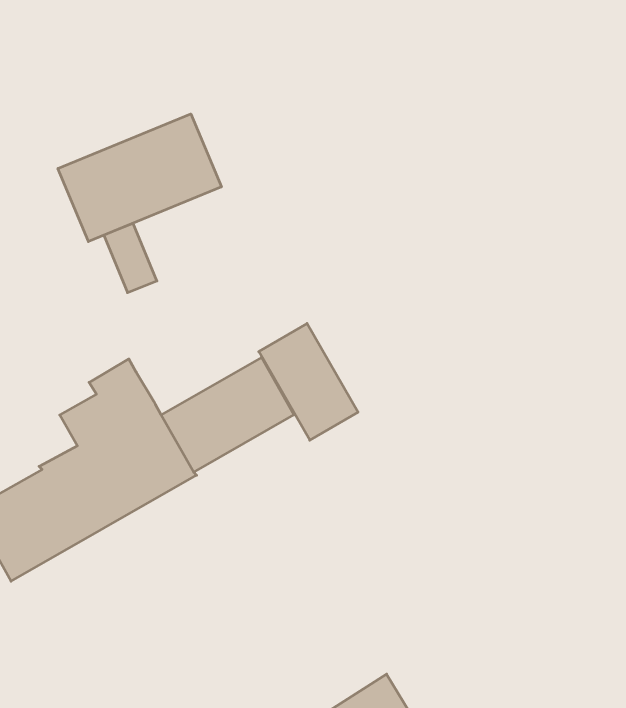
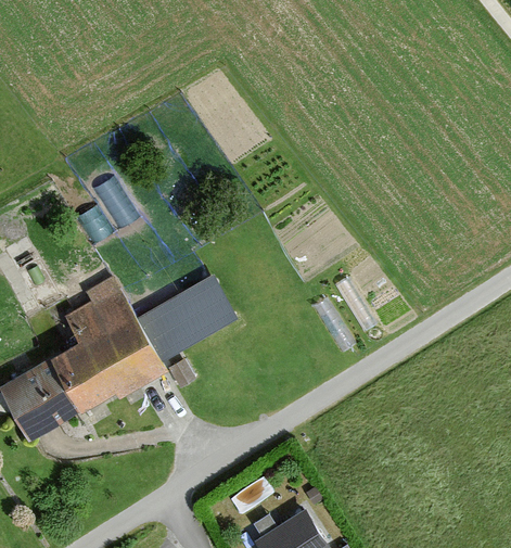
building: [58,114,221,242] -> none
building: [259,323,358,440] -> none

